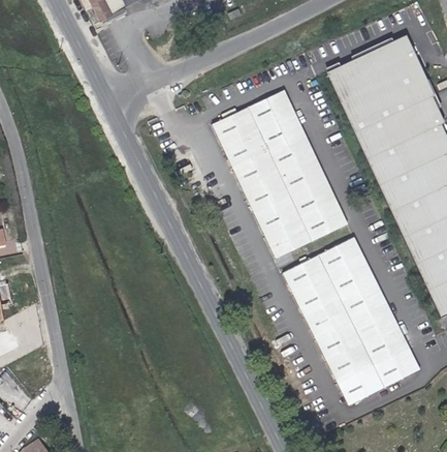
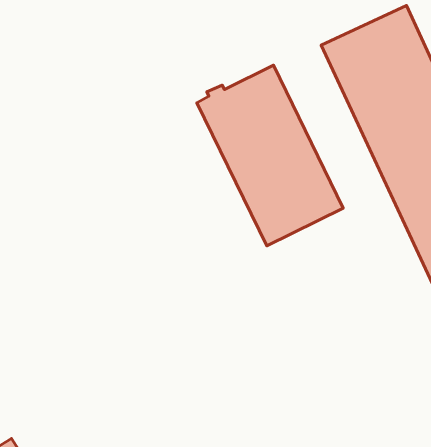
building: [283,236,420,404] -> none

